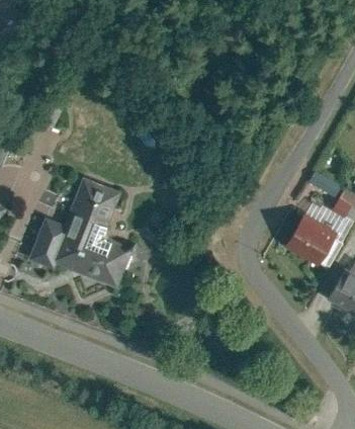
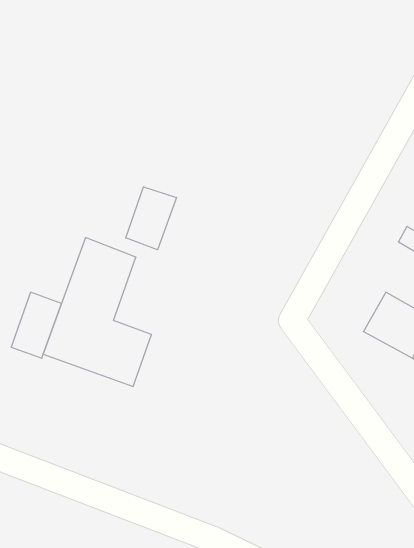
building: none -> [126,187,176,250]

